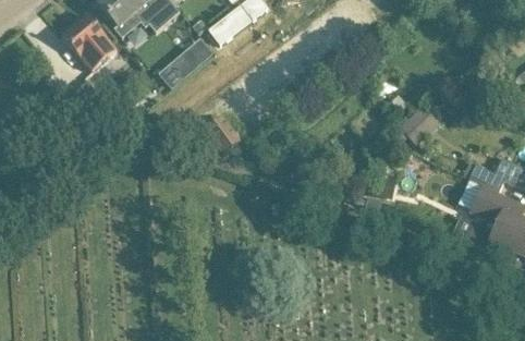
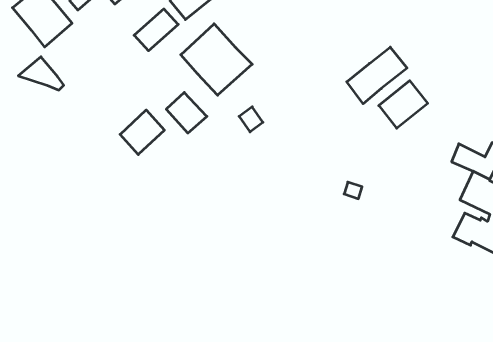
building: none -> [181,24,252,95]
building: none -> [347,47,407,104]
building: none -> [120,110,164,155]

